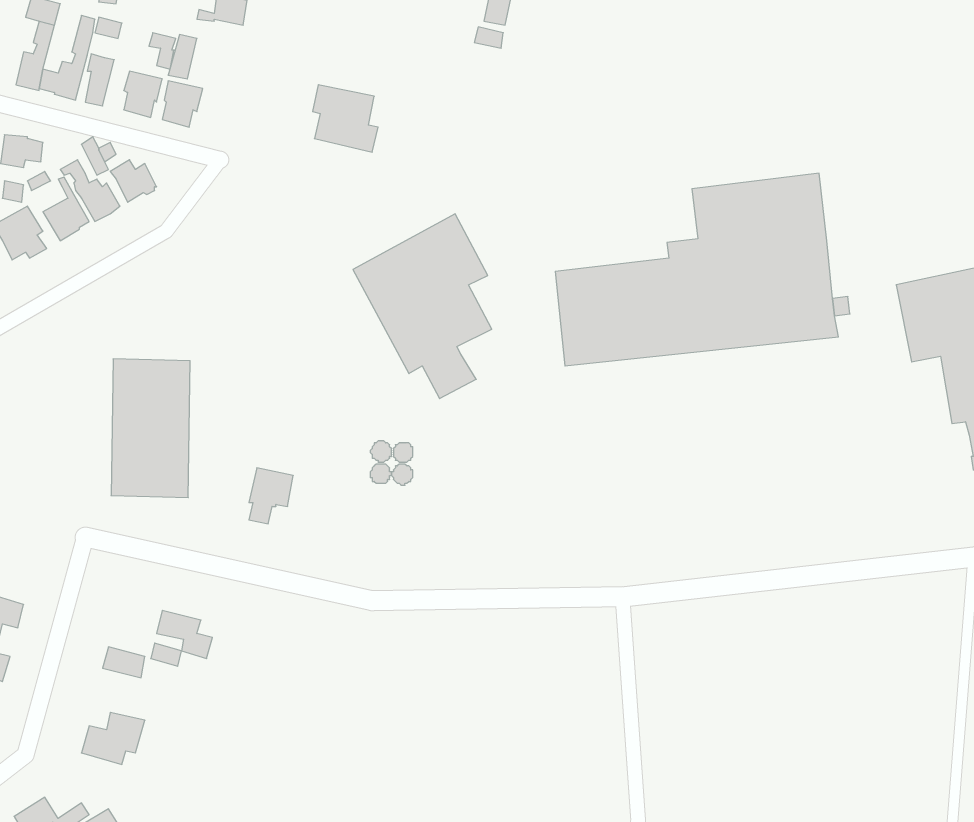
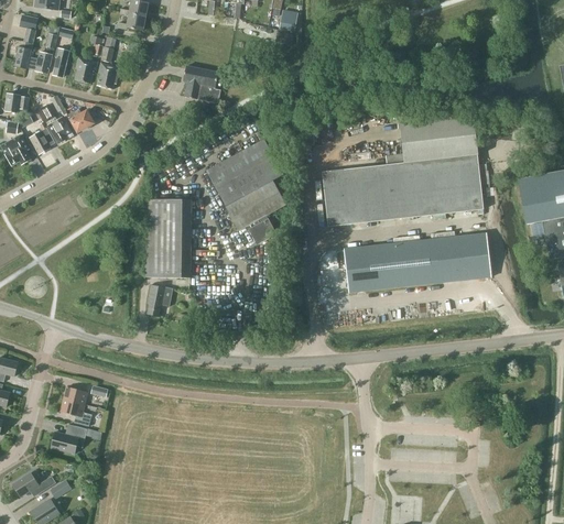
building: [111,359,190,498] -> [145,198,191,277]
building: none -> [344,230,491,292]
building: [157,610,212,659] -> [59,399,91,426]

